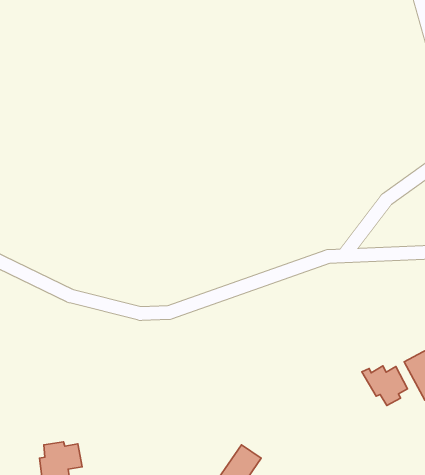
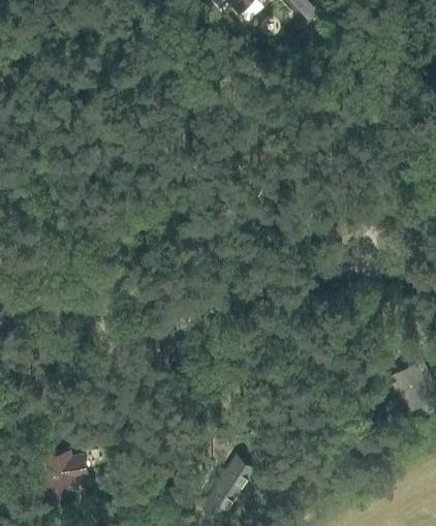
building: [362,366,407,405] -> none

